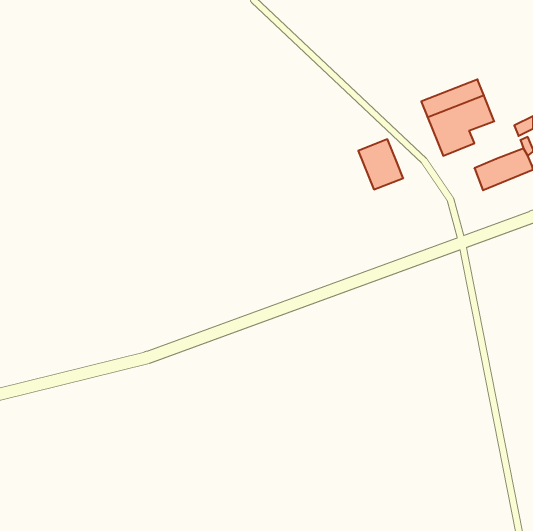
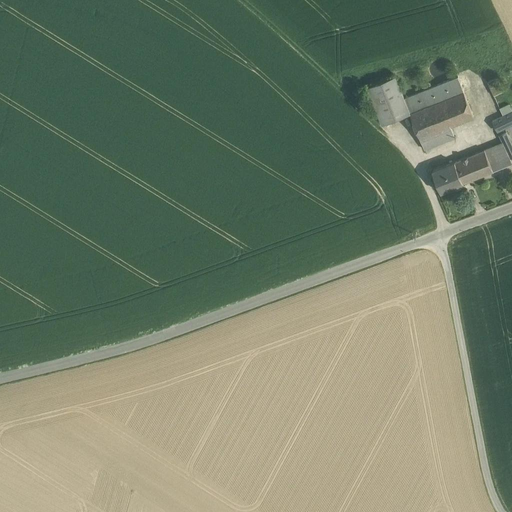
building: [358,139,403,189] -> [366,78,409,126]
building: none -> [432,164,462,194]

